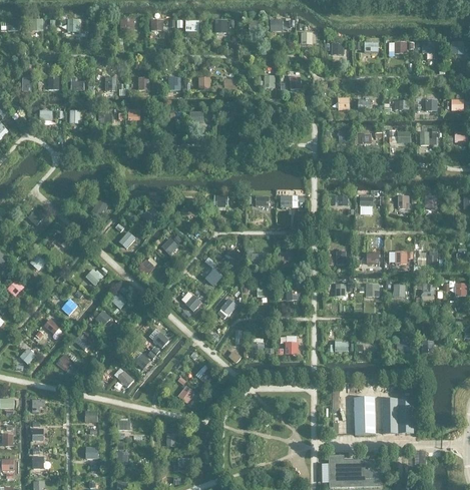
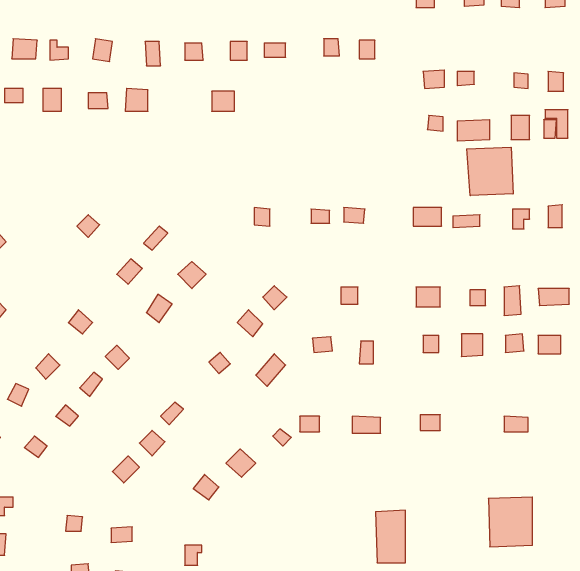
building: none -> [467,147,513,196]
building: [355,397,376,434] -> [376,510,405,563]

